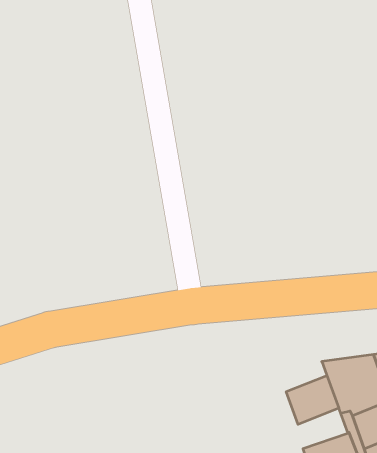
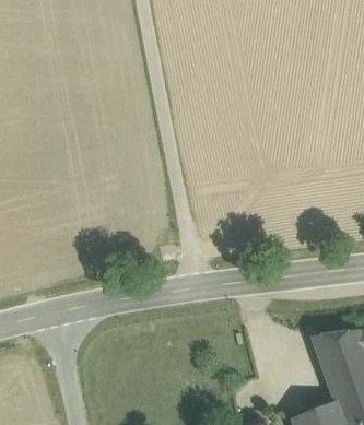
building: [286,375,339,424] -> none

